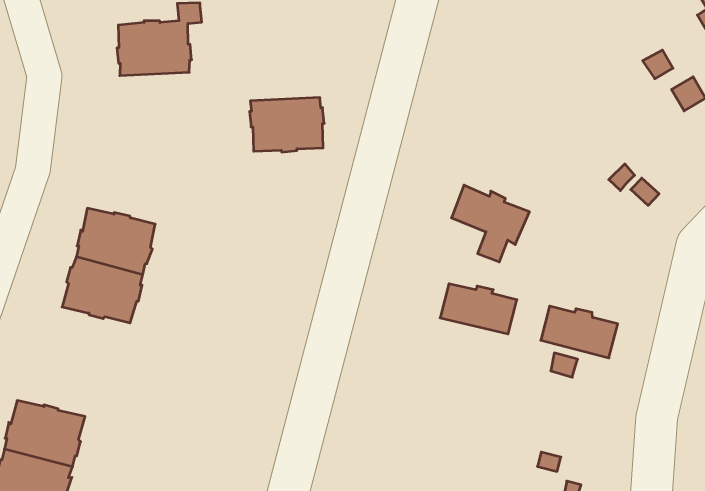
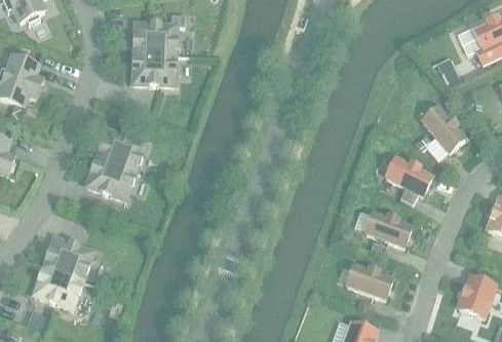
building: [250,98,324,152] -> [132,52,176,84]
building: none -> [422,107,465,151]
building: [451,185,529,262] -> [386,157,432,204]
building: [440,284,517,334] -> [346,265,392,298]

